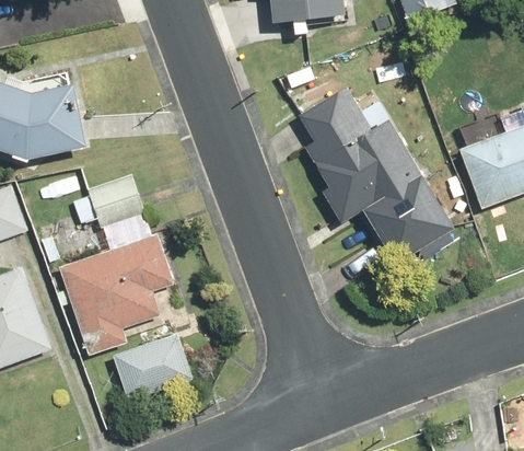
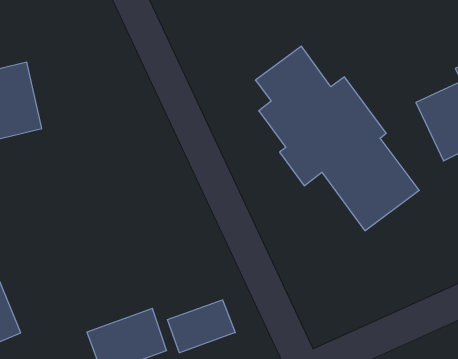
building: [59,175,175,355] -> none
building: none -> [168,300,235,353]

